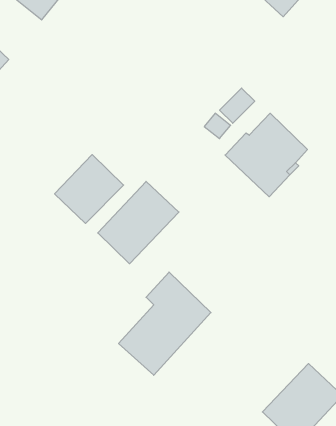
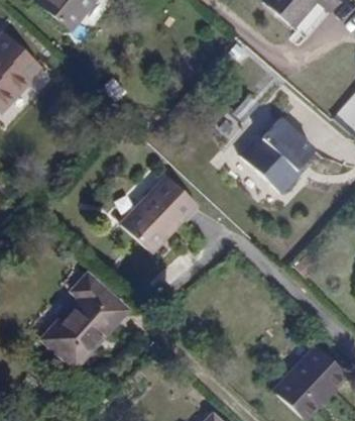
building: [55,155,124,223] -> none
building: [119,272,211,375] -> [42,273,127,367]

